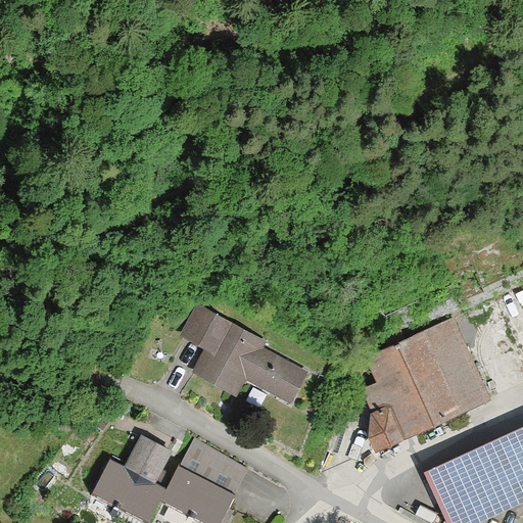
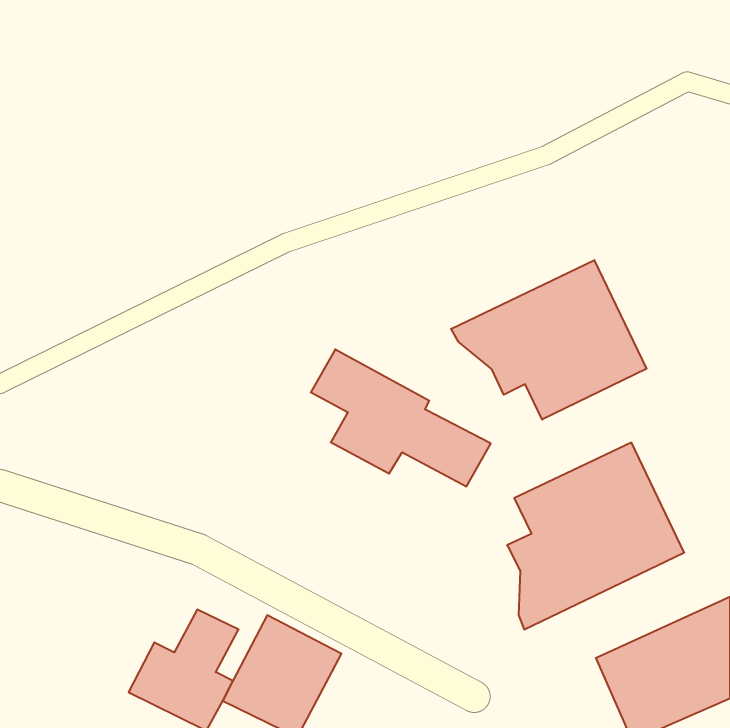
building: none -> [451,260,647,420]
building: [180,305,308,403] -> [311,349,491,486]

